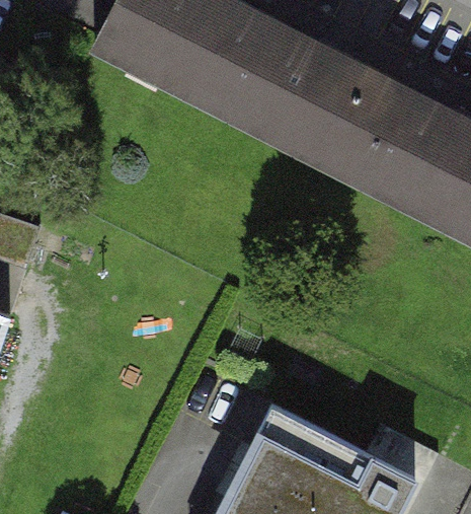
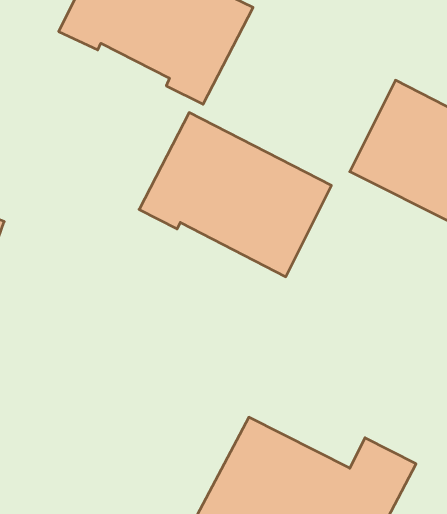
building: [229,27,408,180] -> [139,113,331,277]

